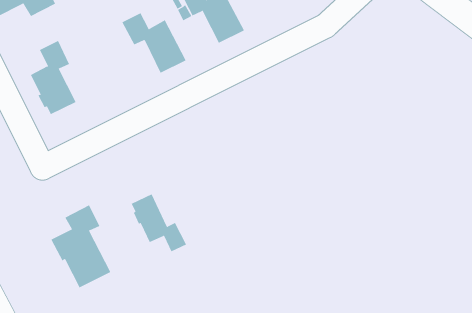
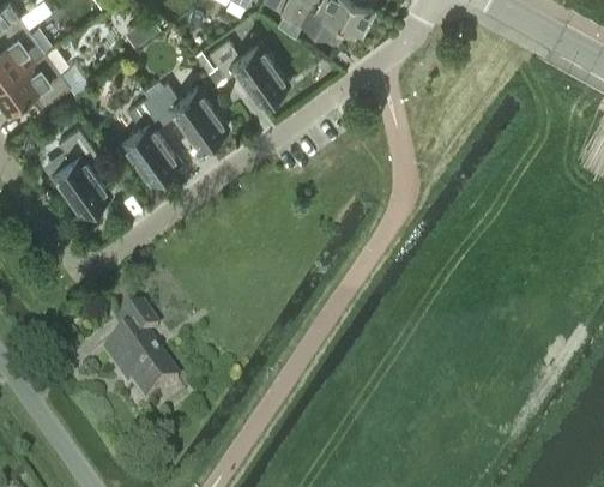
building: none -> [122,95,180,180]
building: [131,193,187,252] -> none

